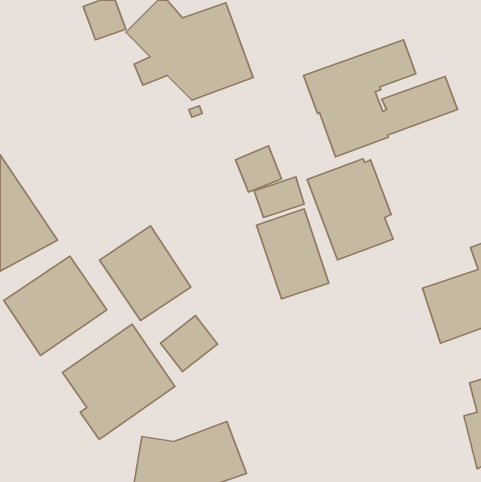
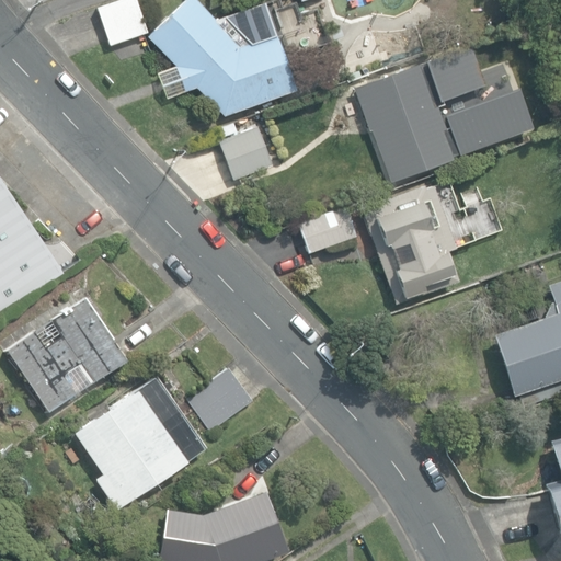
building: [235,146,282,192] -> [219,127,273,181]
building: [256,209,329,299] -> none
building: [100,226,191,321] -> none

